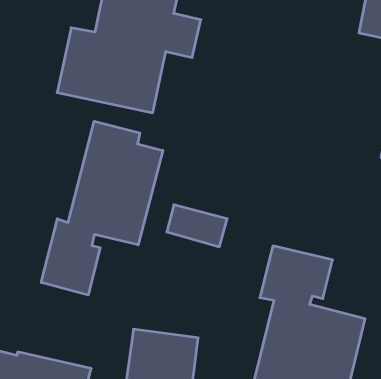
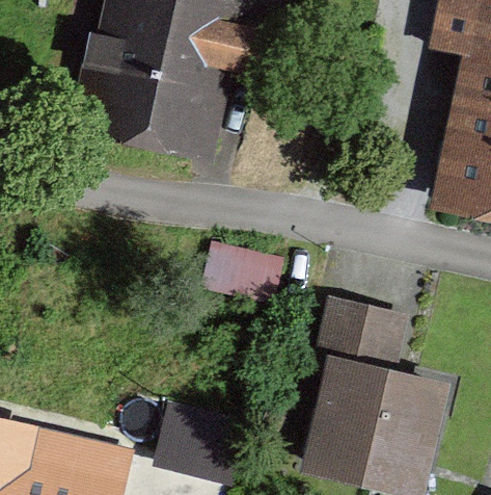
building: [41,121,163,295] -> none

